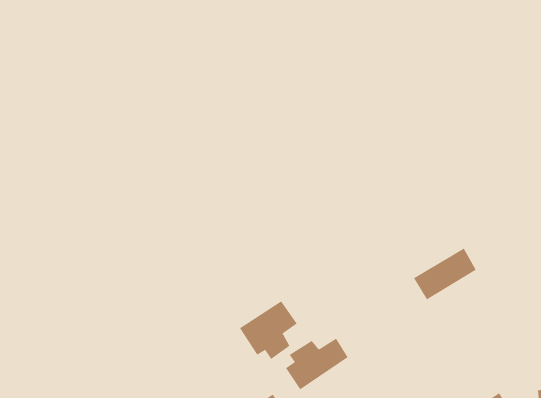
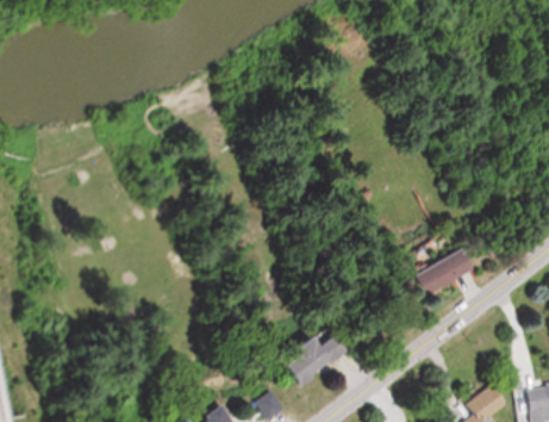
building: [239,300,298,360] -> none

